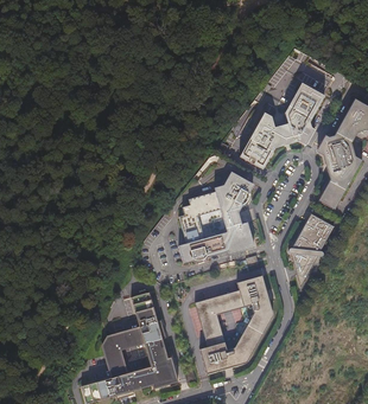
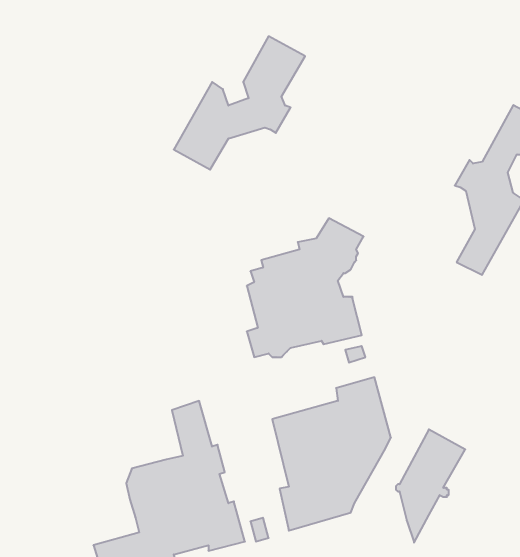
building: [239,82,324,168] -> [174,36,305,170]
building: [288,213,334,287] -> [396,429,465,543]

